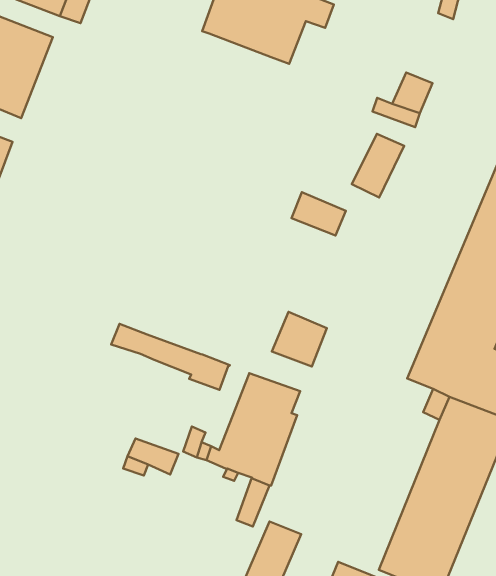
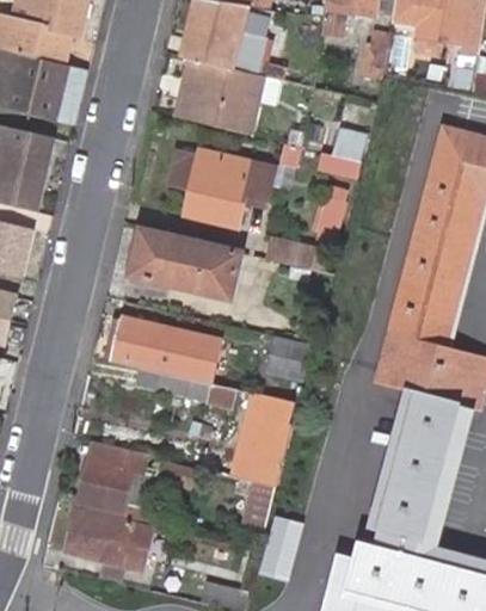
building: none -> [168,153,262,223]
building: none -> [133,230,238,295]
building: none -> [110,317,217,383]
building: none -> [78,439,150,517]
building: none -> [64,508,148,570]

